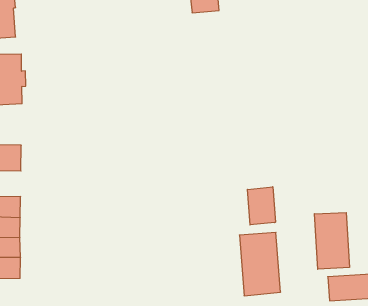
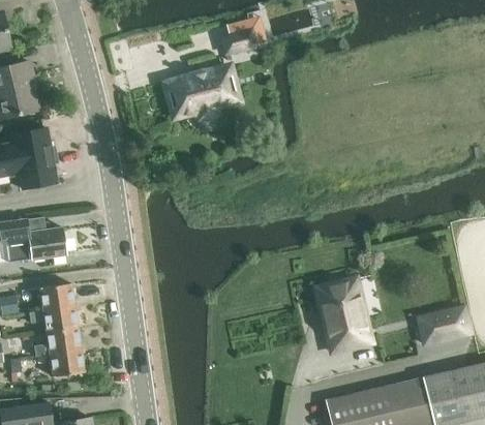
building: none -> [163,67,231,118]
building: [247,187,275,225] -> none
building: [314,213,349,269] -> none

